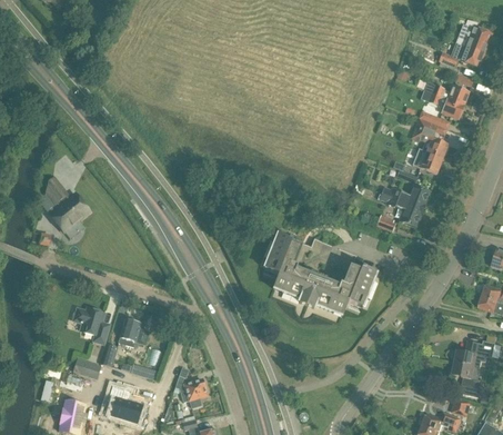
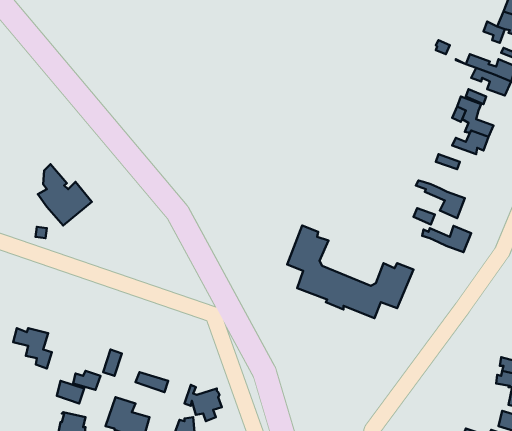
building: [385,185,429,208] -> [422,226,471,252]
building: [73,307,108,343] -> [13,328,52,368]
building: [118,318,148,347] -> none

